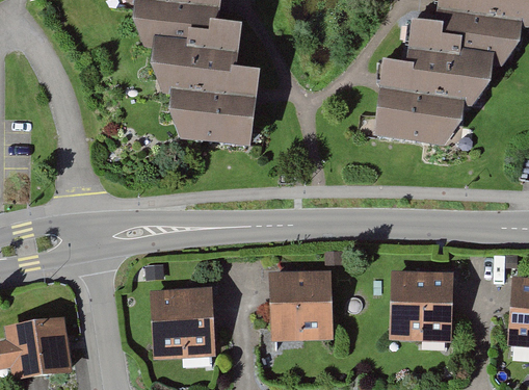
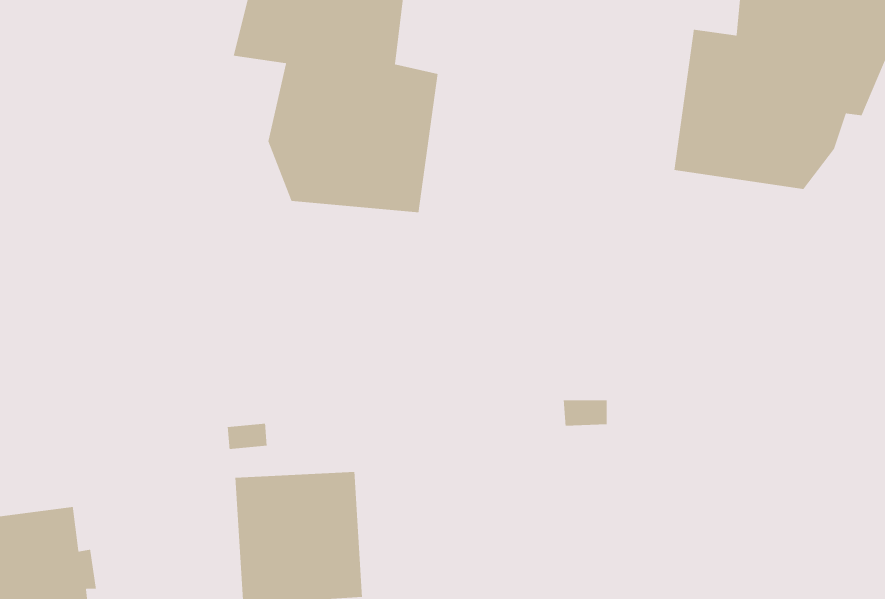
building: [266,271,332,342] -> none
building: [386,274,455,346] -> none

